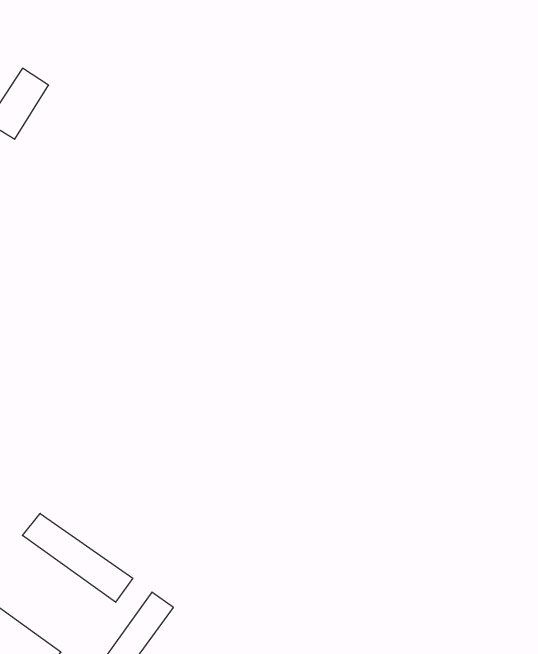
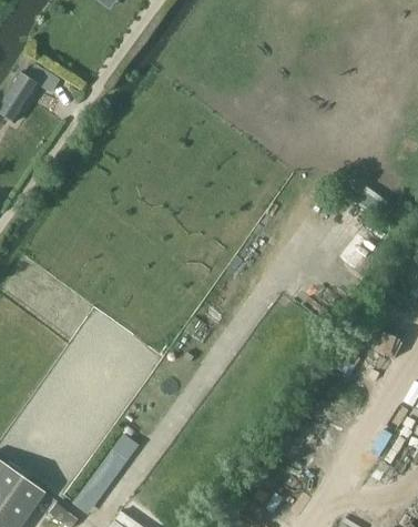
building: [22,513,133,602] -> none

